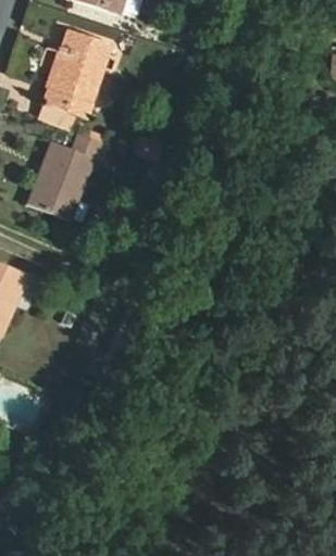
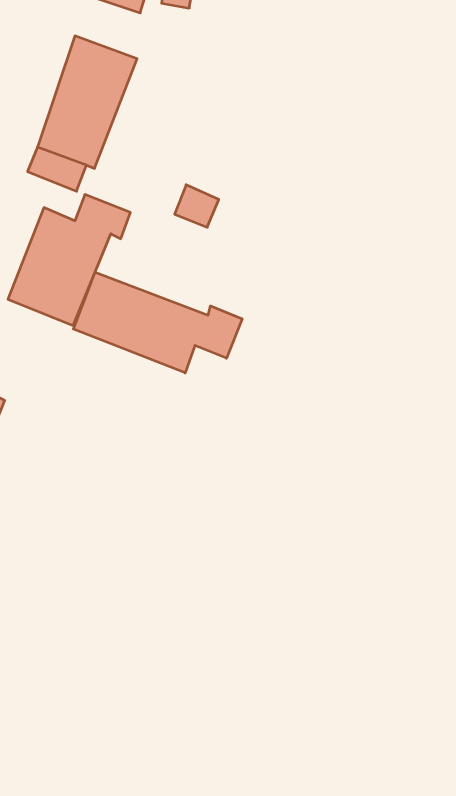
building: none -> [73,272,242,373]

